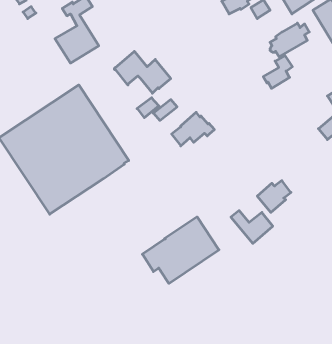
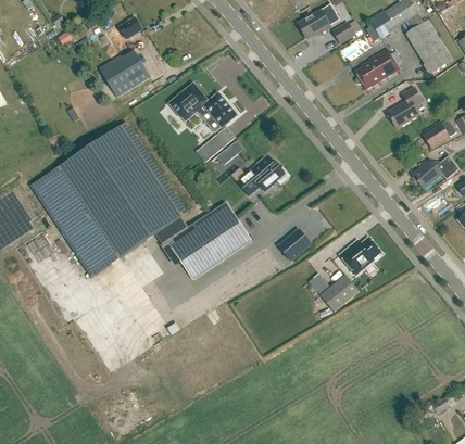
building: [263,56,292,88] -> [388,88,423,127]
building: none -> [279,229,311,261]
building: [142,217,219,283] -> [162,201,253,280]

